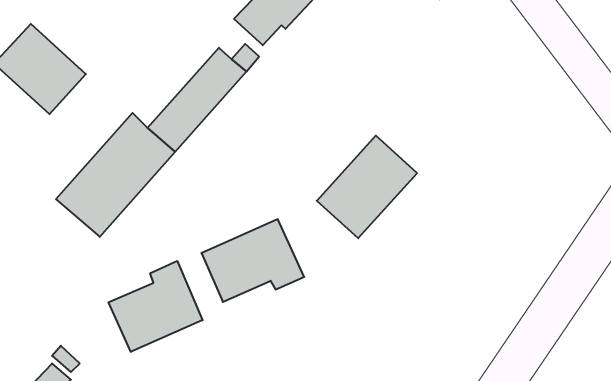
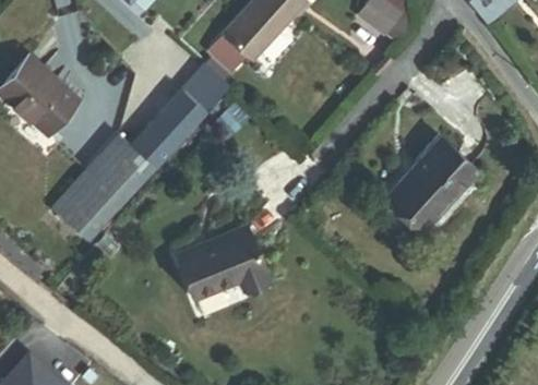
building: [317,136,417,238] -> [390,139,477,228]
building: [109,261,203,352] -> none

